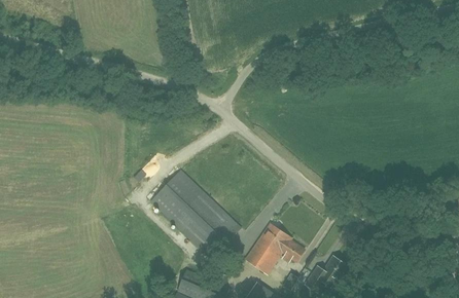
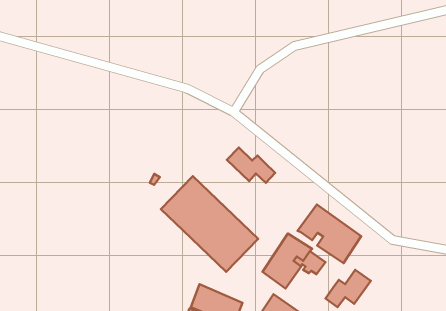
building: none -> [227,147,275,183]
building: none -> [297,204,361,263]

